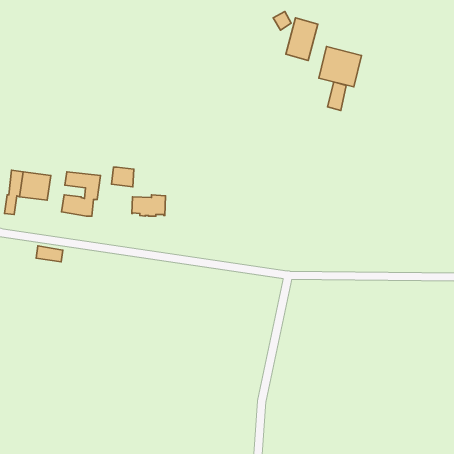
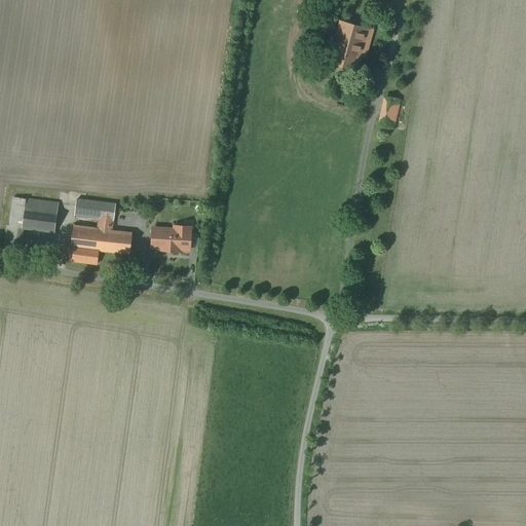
building: [319,47,361,87] -> none
building: [112,167,134,187] -> [107,230,133,253]
building: [36,246,63,262] -> [70,245,101,263]

